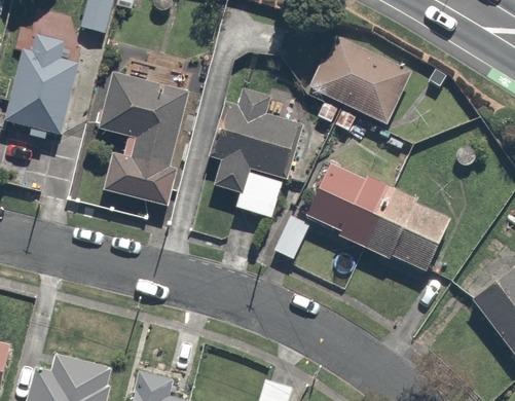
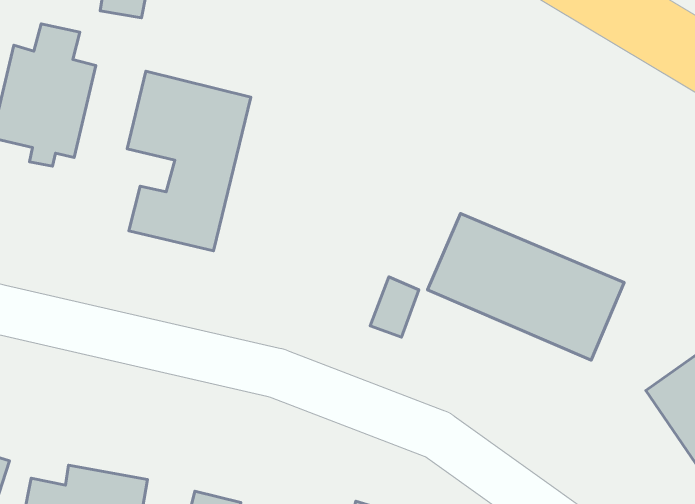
building: [309,31,411,134] -> none
building: [207,87,304,218] -> none

